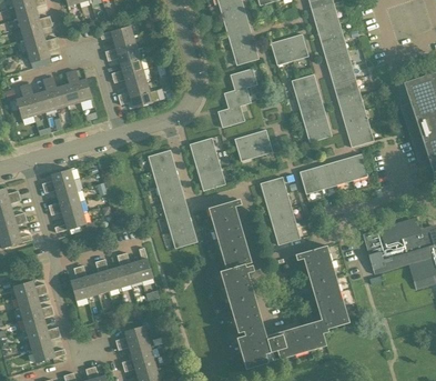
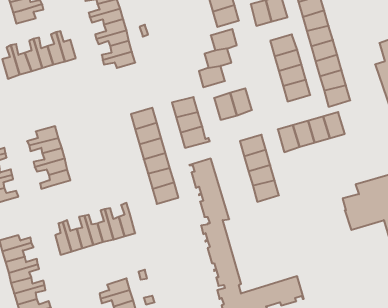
building: [304,245,348,329] -> none

